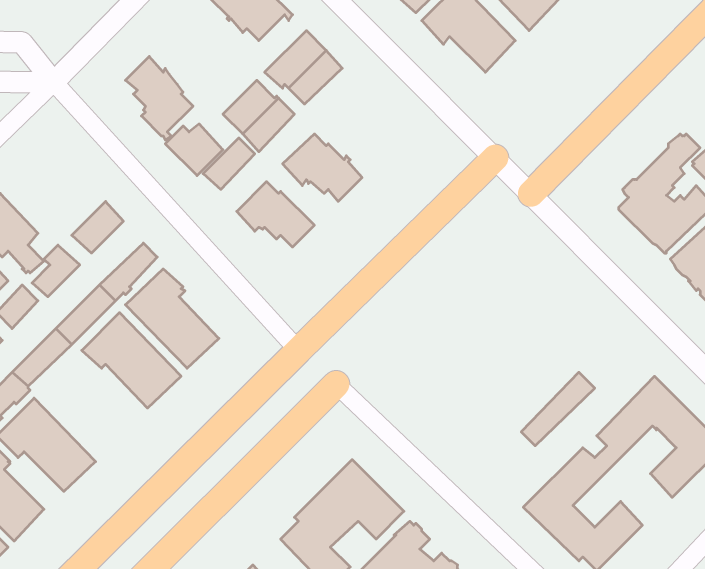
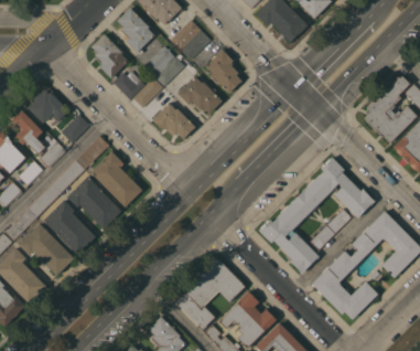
building: none -> [117,8,154,54]
building: none -> [205,50,241,93]
building: none -> [28,89,68,123]
building: none -> [258,157,375,274]
building: none -> [43,199,96,255]

